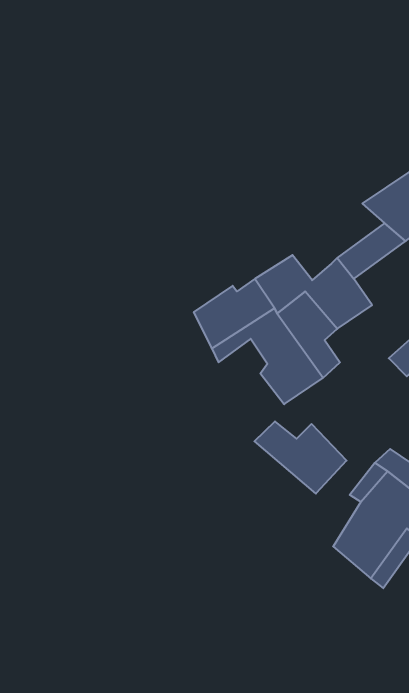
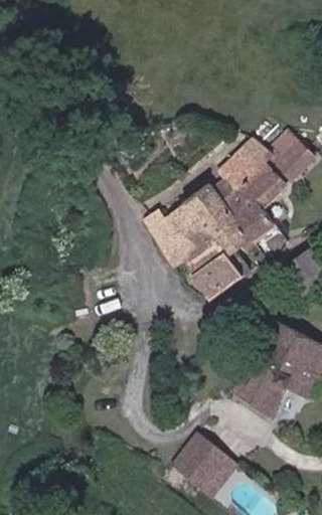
building: none -> [226,148,279,191]
building: [254,421,347,494] -> none
building: none -> [177,439,233,494]

